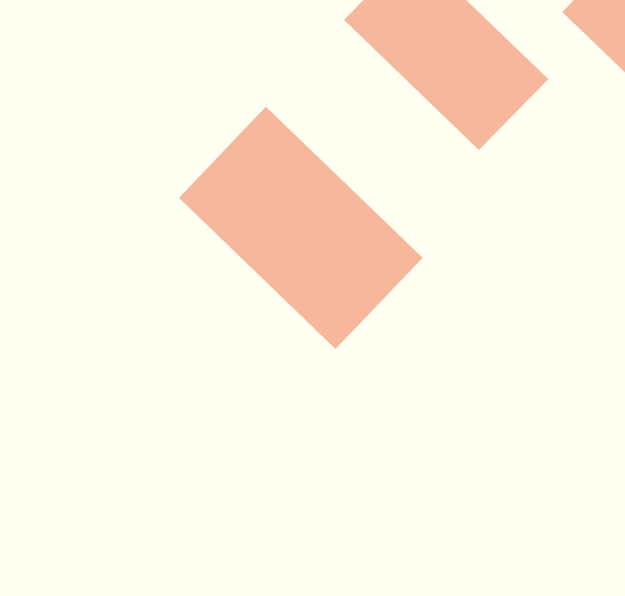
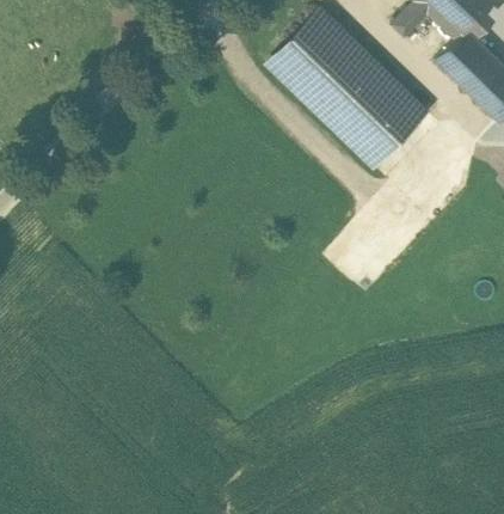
building: [178,106,423,350] -> none

